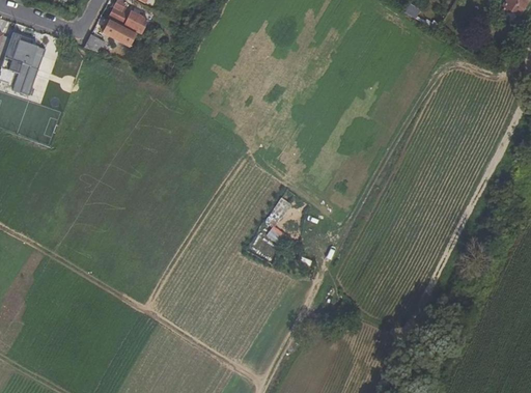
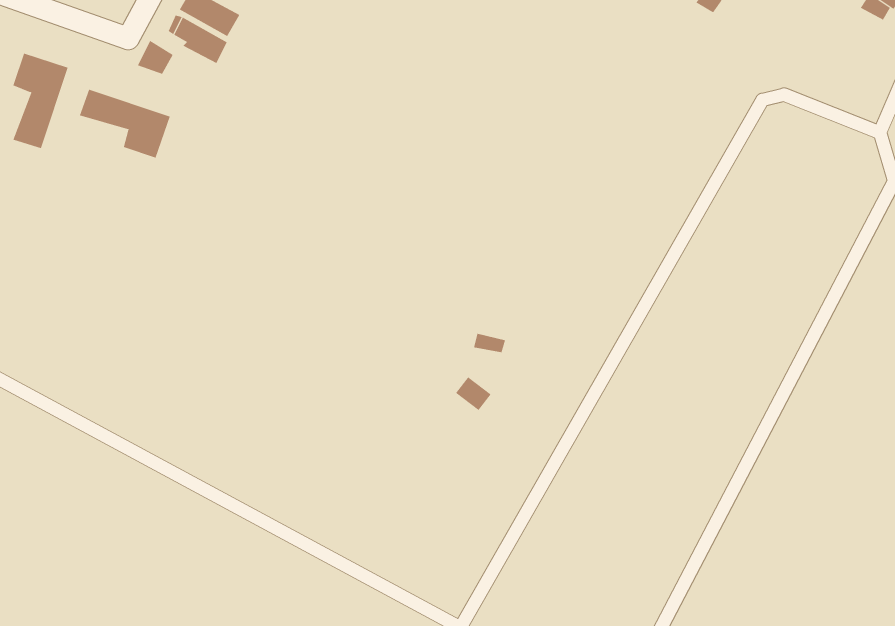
building: none -> [79,89,171,158]

